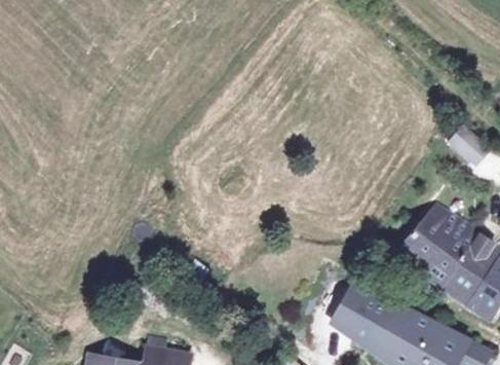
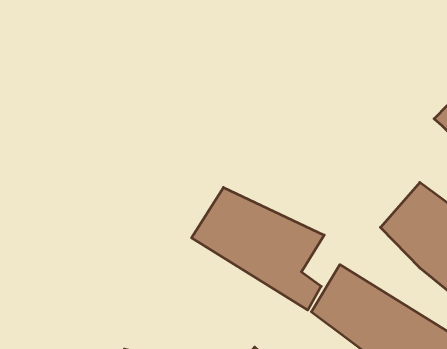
building: none -> [192,187,324,310]

